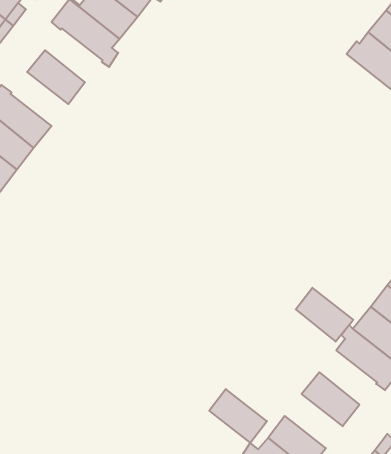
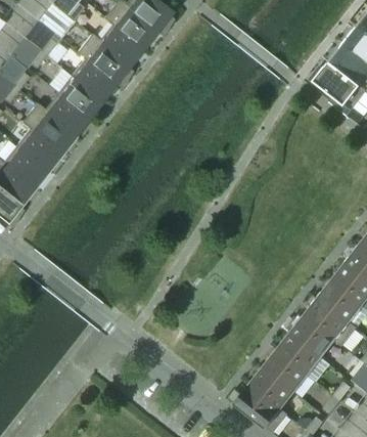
building: none -> [72,58,118,101]
building: none -> [44,93,90,136]
building: [296,288,353,342] -> [290,315,336,358]
building: [209,389,267,443] -> [263,350,309,393]

